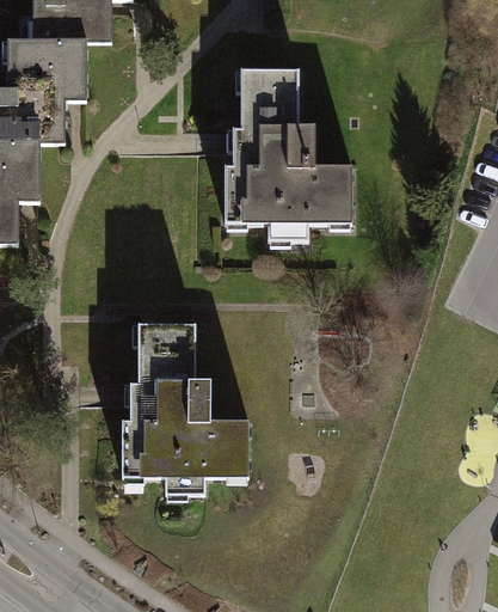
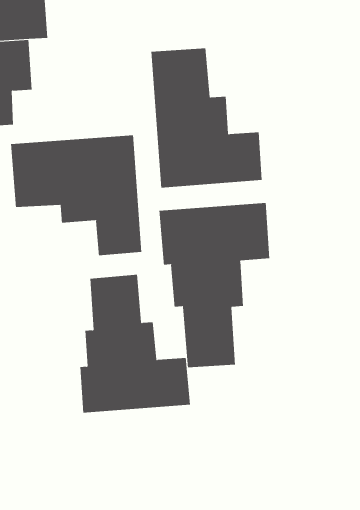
building: none -> [11,134,142,256]
building: none -> [159,202,270,368]

